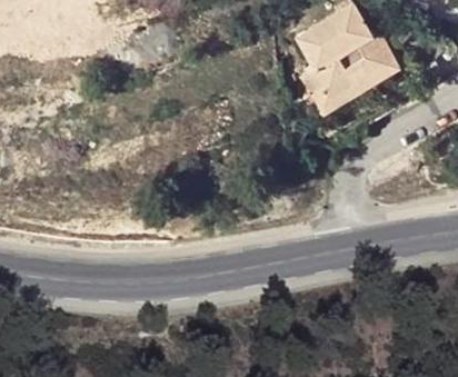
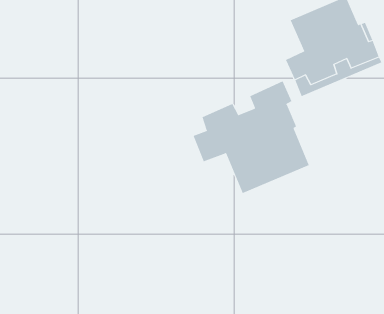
building: none -> [193,81,310,194]

